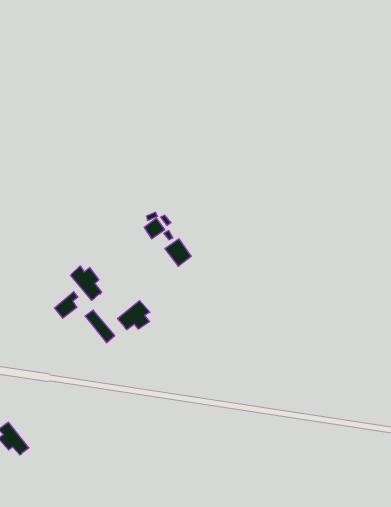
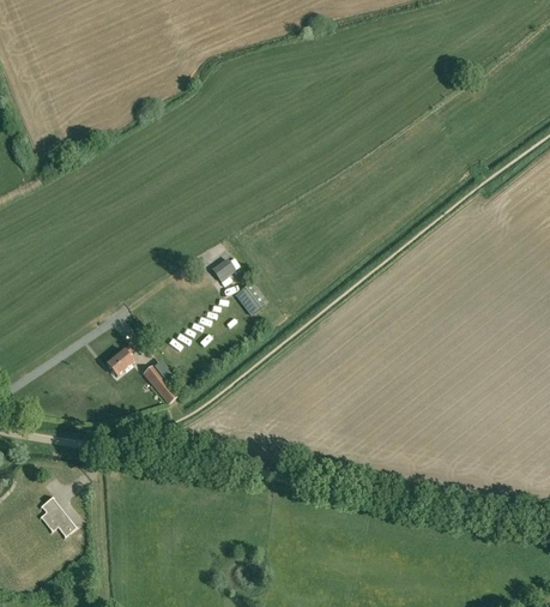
building: [71,266,101,300] -> none
building: [118,301,150,330] -> none

